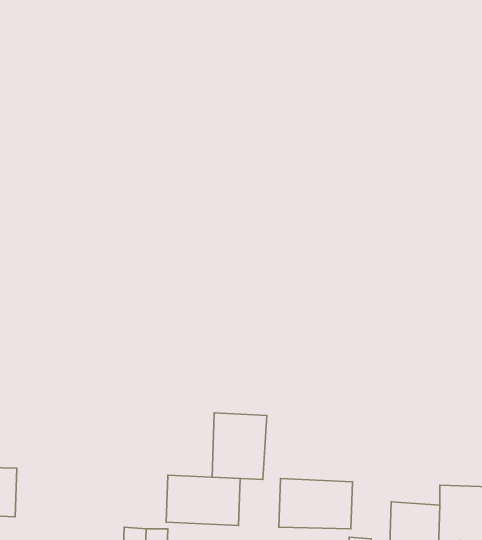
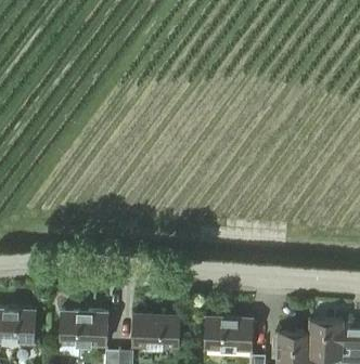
building: [212,413,267,479] -> none
building: none -> [60,312,108,343]

